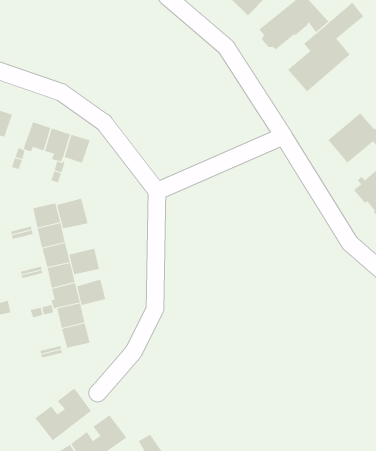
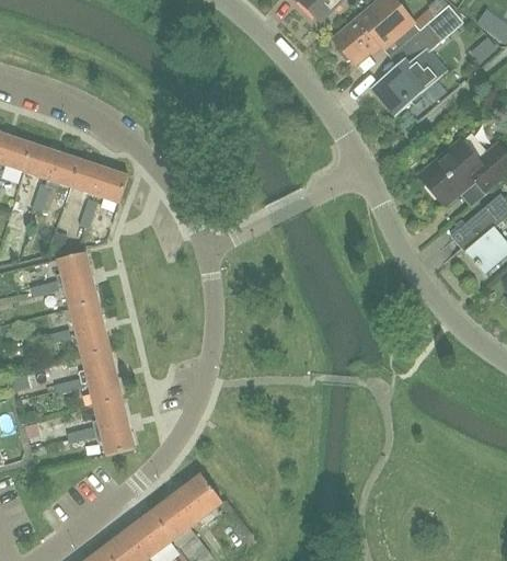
building: none -> [23,142,57,179]
building: [57,198,88,229] -> none
building: [69,248,100,275] -> none
building: [77,279,106,306] -> none
building: none -> [99,423,134,455]
building: [35,388,92,441] -> [151,473,221,539]

